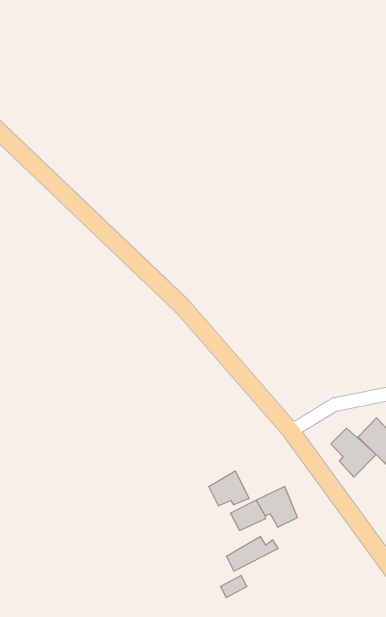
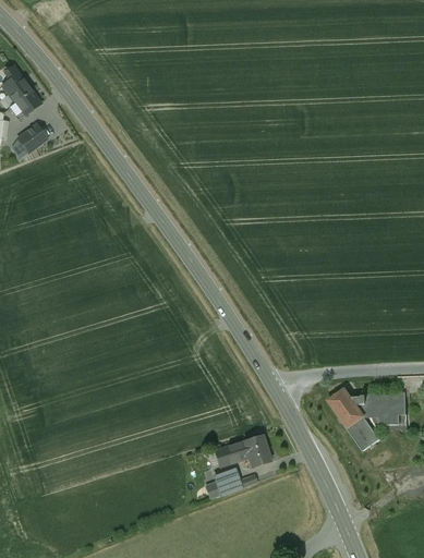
building: [331,428,376,477] -> none
building: [209,471,249,506] -> none

